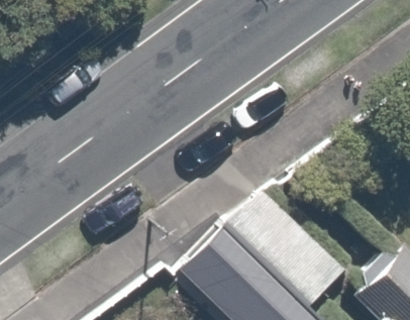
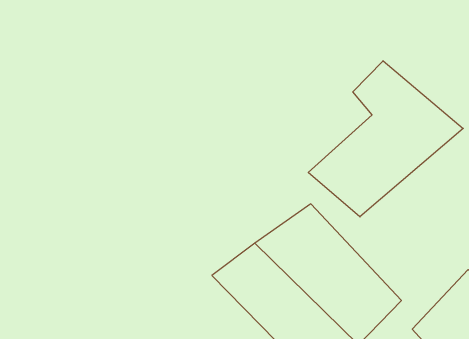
building: none -> [308,61,463,217]

